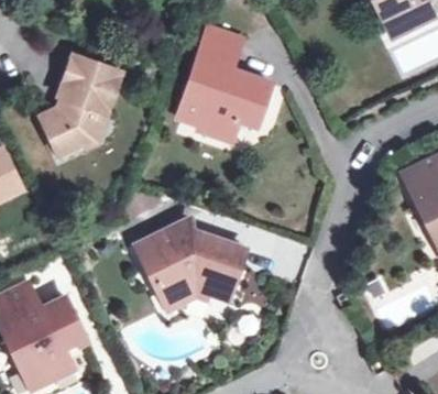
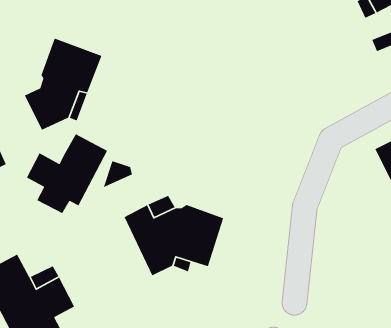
building: [178,25,273,139] -> none
building: none -> [26,133,108,214]

